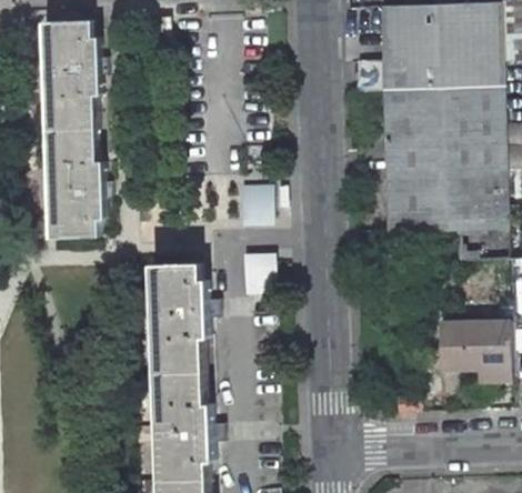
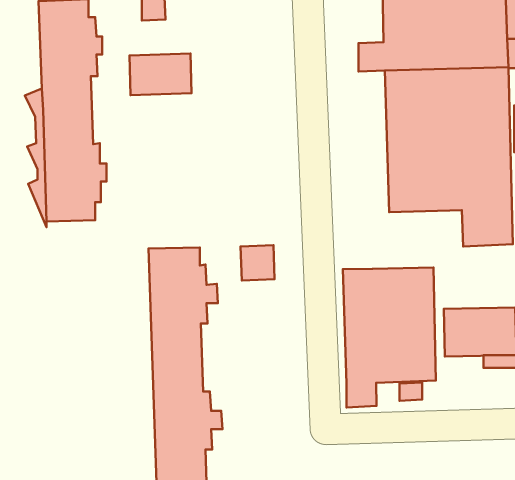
building: none -> [129,53,192,95]
building: [237,184,270,218] -> none
building: none -> [343,268,436,407]

